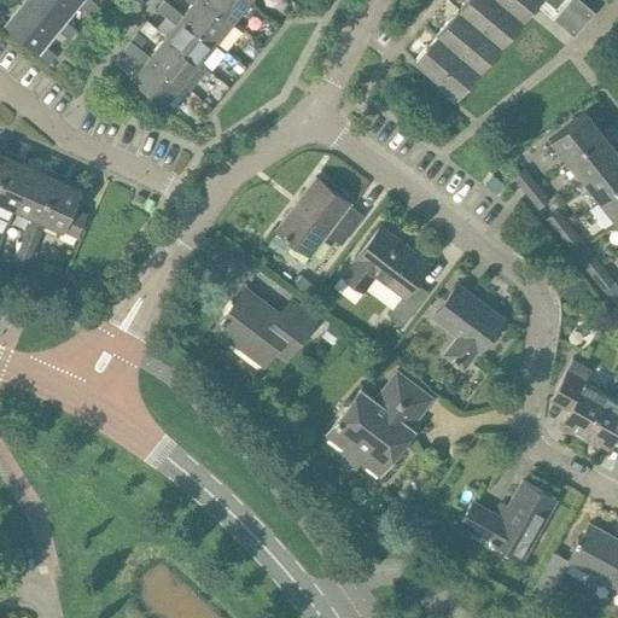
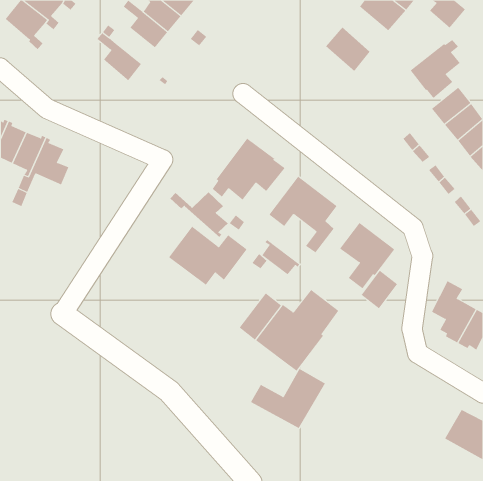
building: [437,11,496,69] -> none
building: [140,23,206,91] -> none
building: none -> [410,39,461,99]
building: none -> [170,192,229,238]
building: none -> [261,239,300,275]
building: none -> [361,270,398,309]
building: none -> [239,292,282,341]
building: [460,483,556,560] -> [250,368,326,429]

